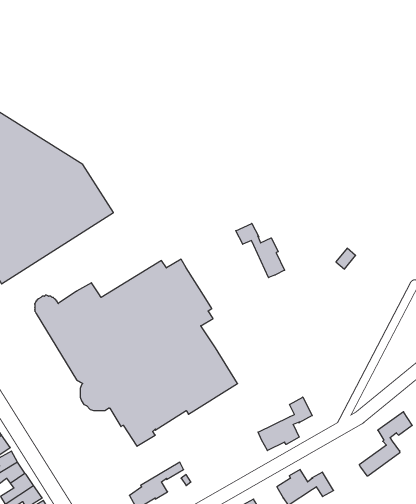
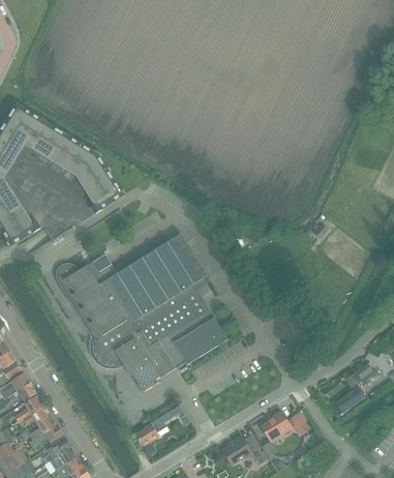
building: [236,223,285,278] -> none
building: [258,397,312,451] -> none

